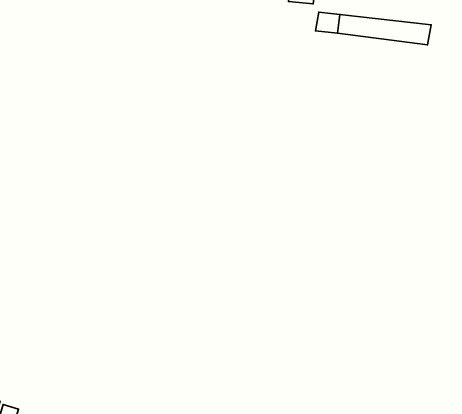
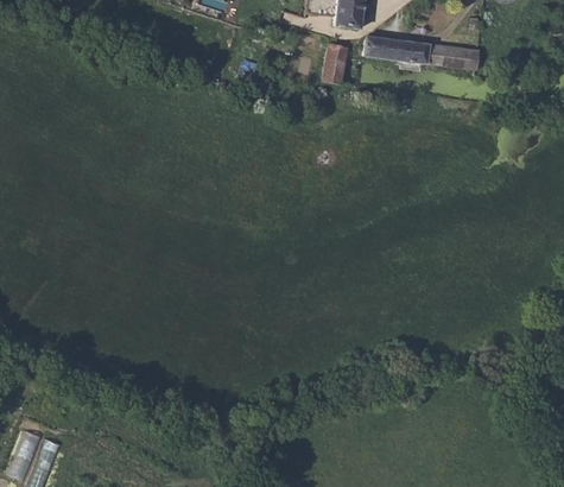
building: none -> [322,44,348,83]

